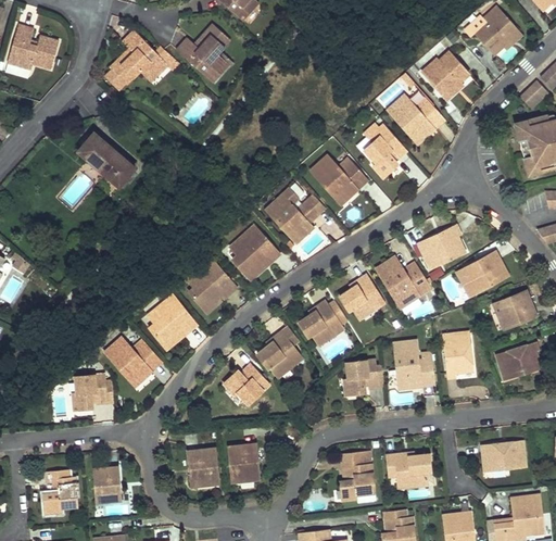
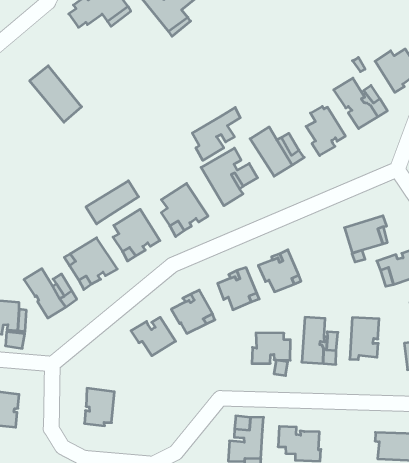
building: none -> [192,107,240,160]
building: none -> [86,181,139,224]
building: [376,257,431,310] -> none
building: [227,442,258,480] -> none

